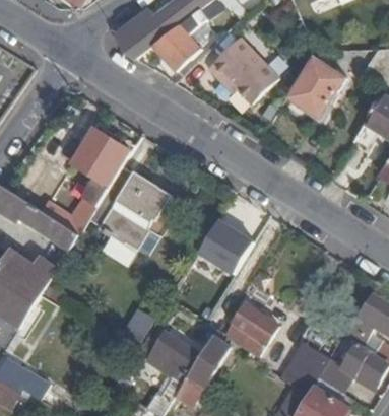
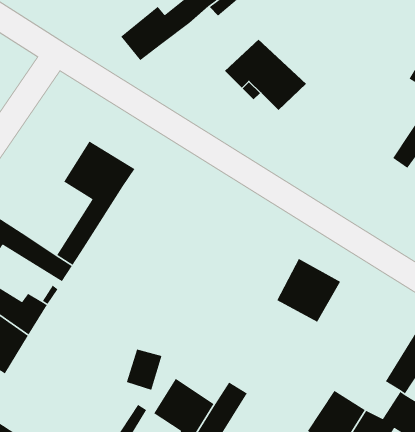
building: [153,26,198,69] -> none
building: [288,58,344,117] -> none
building: [87,166,171,249] -> none
building: [200,214,256,270] -> [276,258,341,323]
building: [226,303,276,351] -> none

